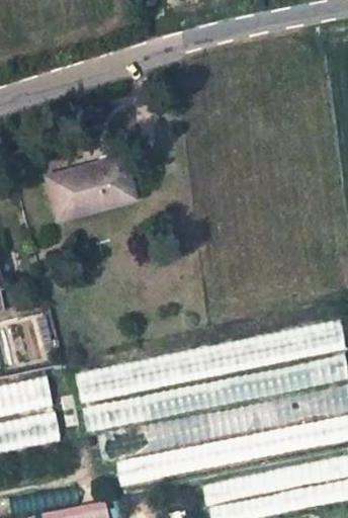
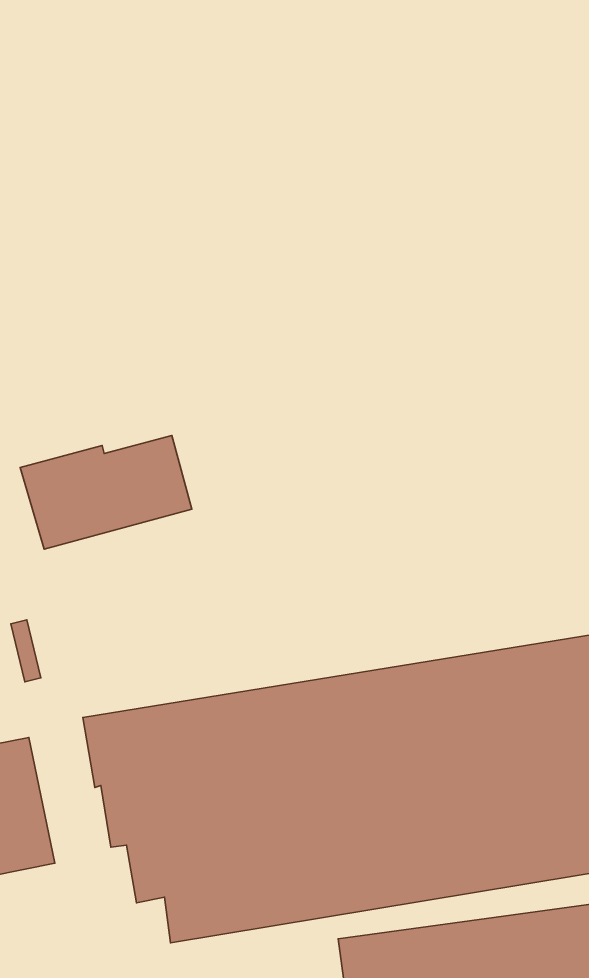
building: [49,161,136,219] -> [20,436,192,549]

